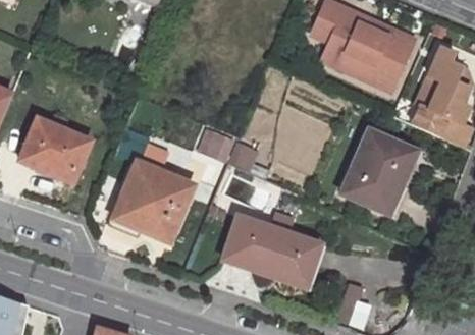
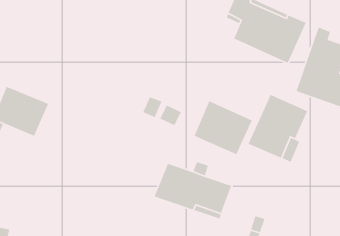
building: none -> [194,100,253,155]
building: [119,162,193,241] -> none

